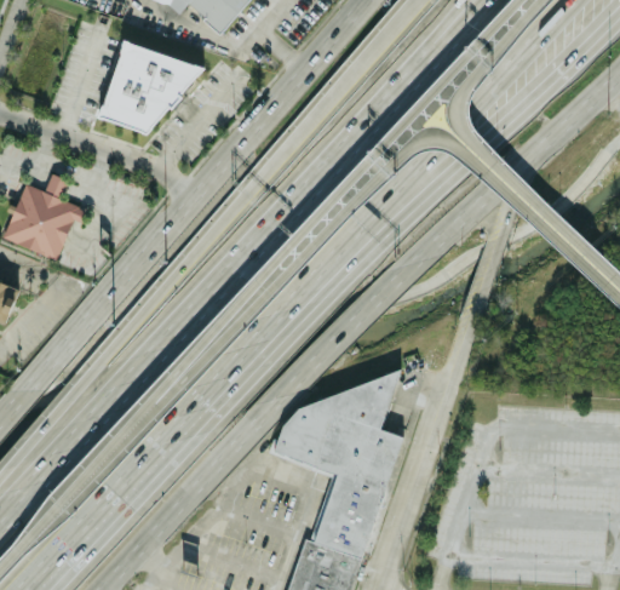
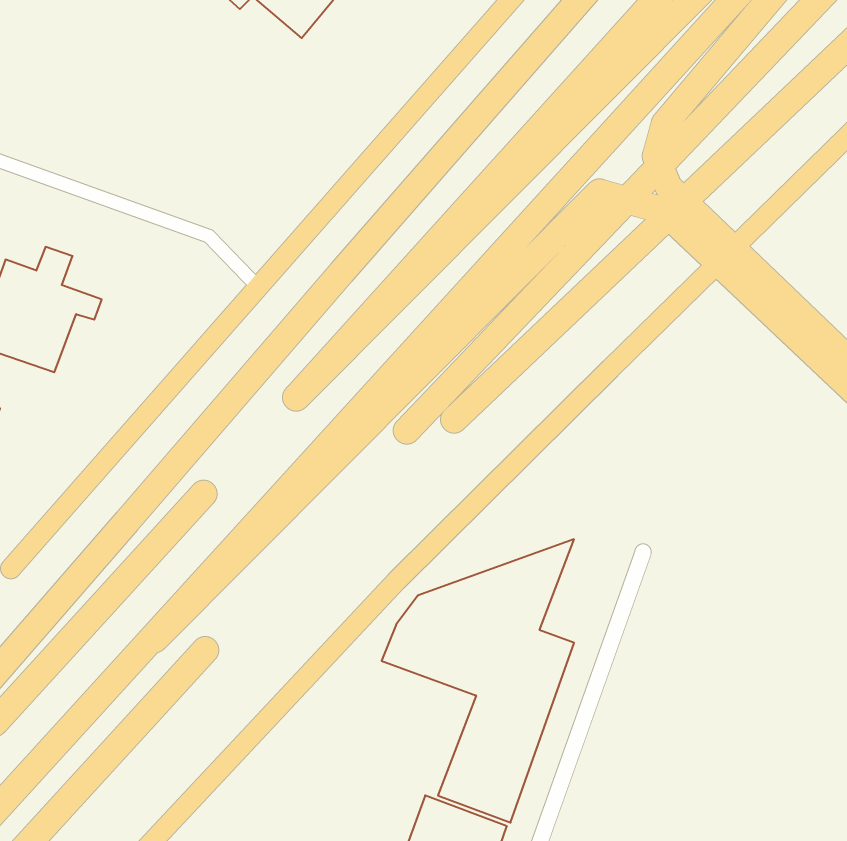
building: [98,41,188,138] -> none

